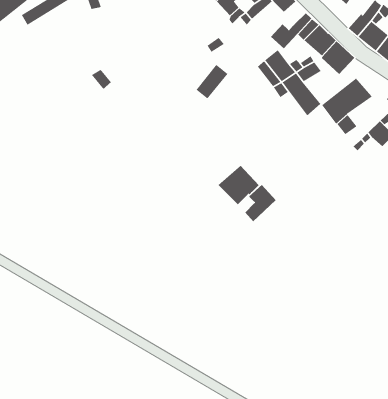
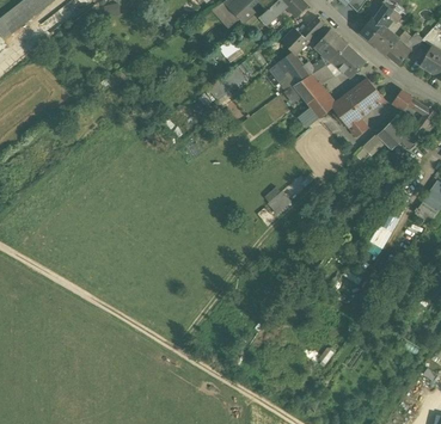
building: [218,165,259,205] -> none

